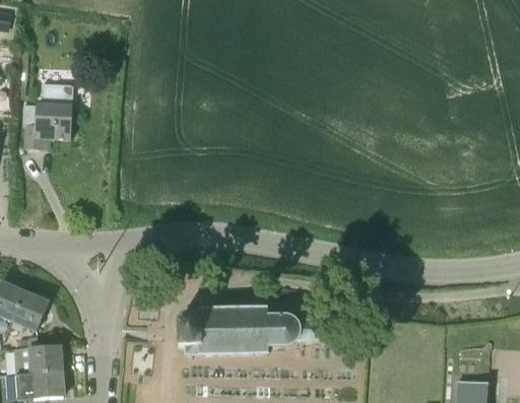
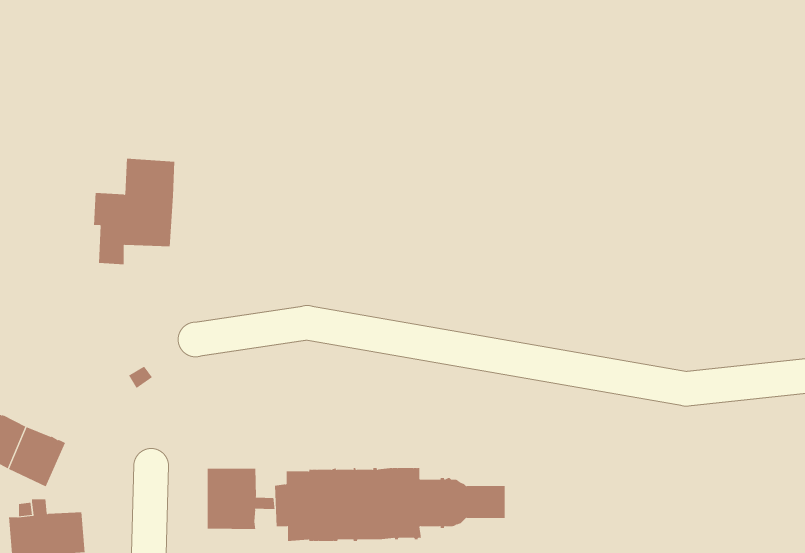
building: [22,83,73,149] -> [93,158,175,265]
building: none -> [207,468,275,530]

